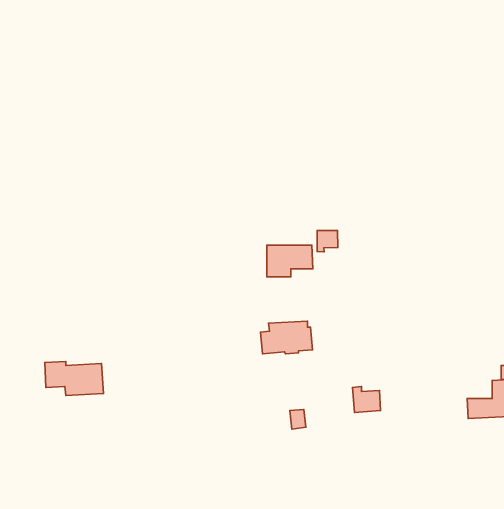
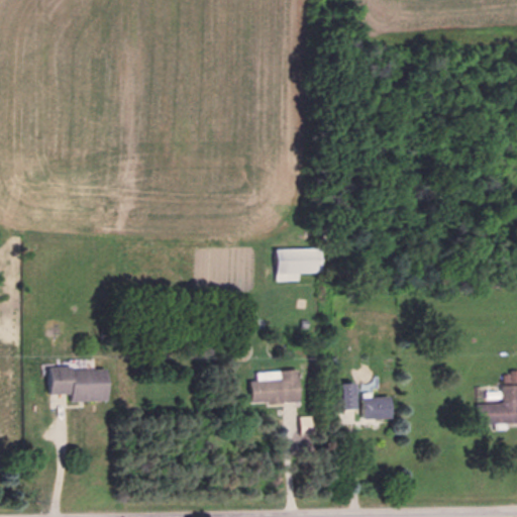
building: [317,231,338,252] -> none
building: [261,321,312,354] -> [249,370,302,403]
building: none -> [338,383,356,408]

